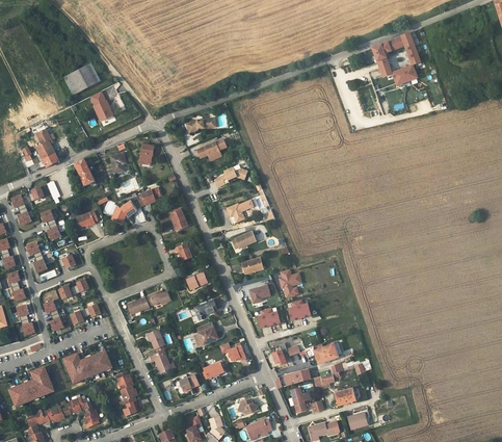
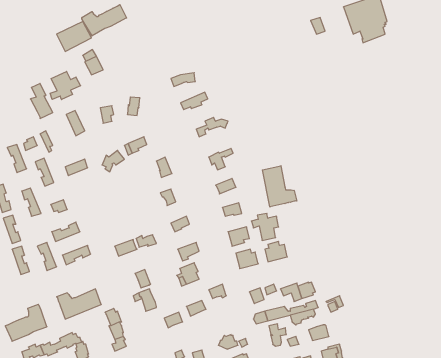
building: none -> [82,5,127,36]
building: none -> [50,71,81,100]
building: none -> [262,166,297,207]

